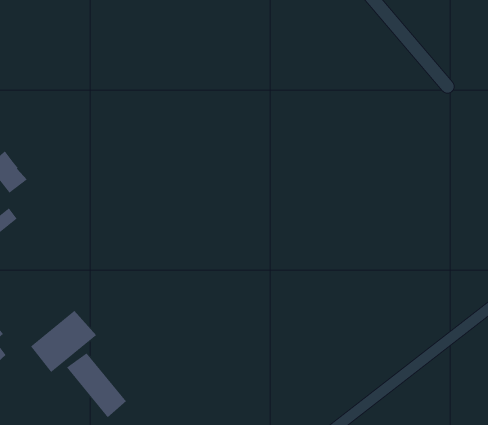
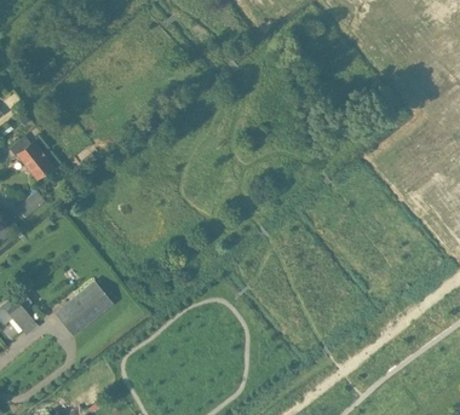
building: [66,352,127,418] -> none

